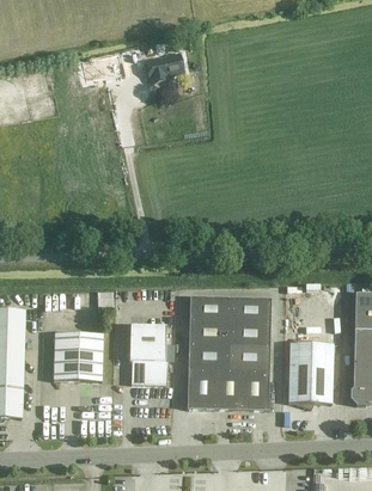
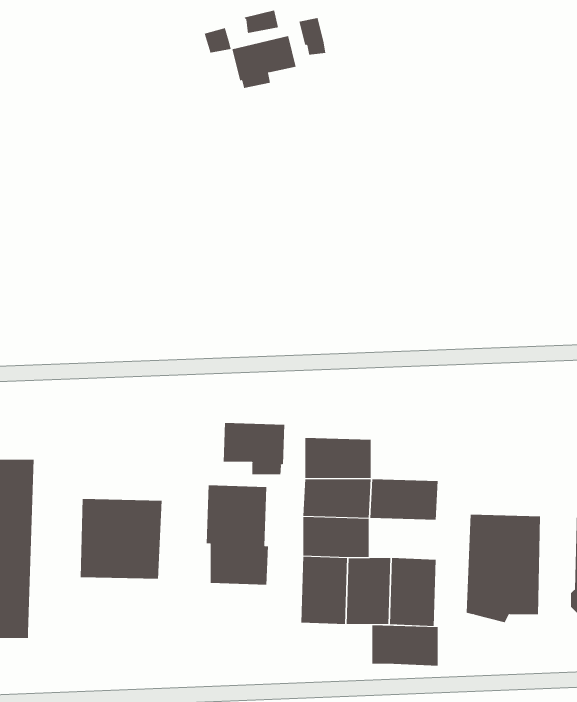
building: none -> [223,422,285,475]
building: [230,296,270,321] -> none
building: [228,344,269,369] -> [372,625,438,666]

